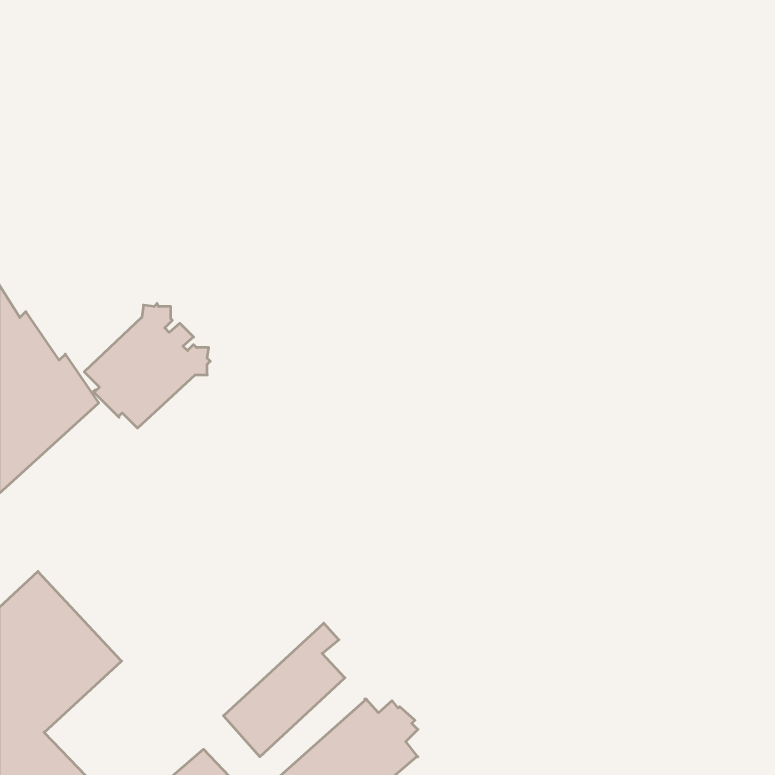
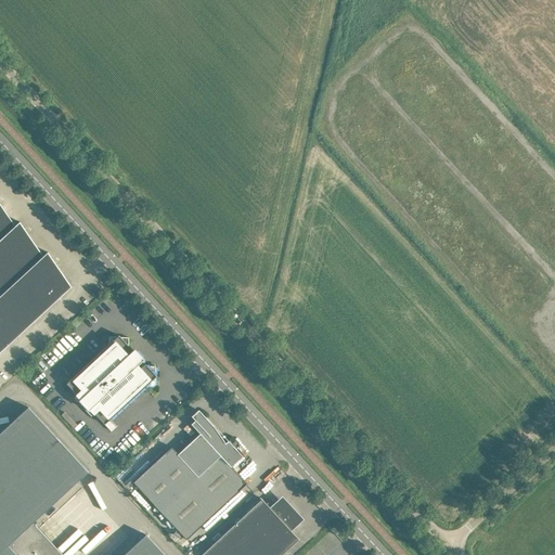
building: [84,303,210,428] -> [66,336,156,425]
building: none -> [132,413,231,512]

